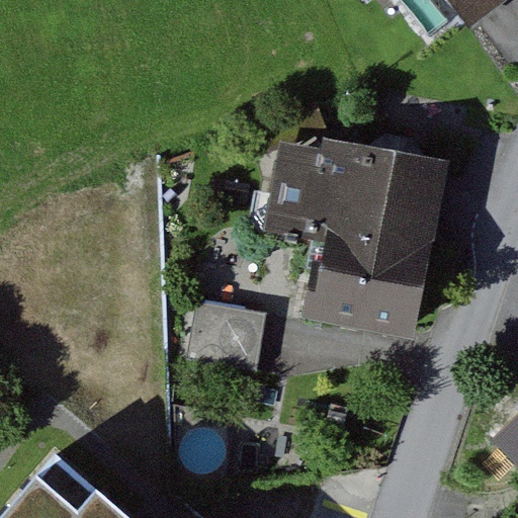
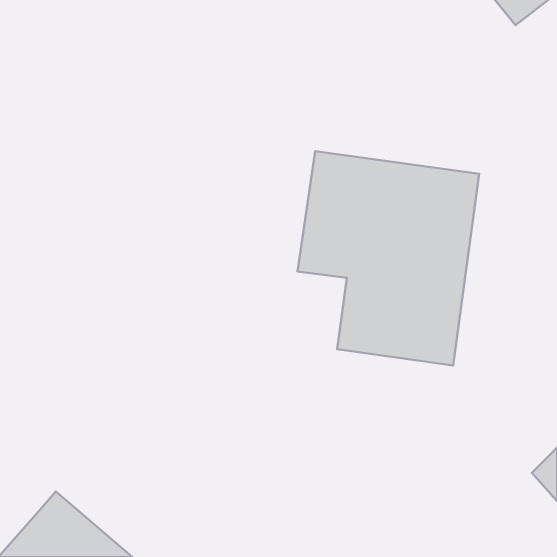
building: [184,300,262,371] -> none

